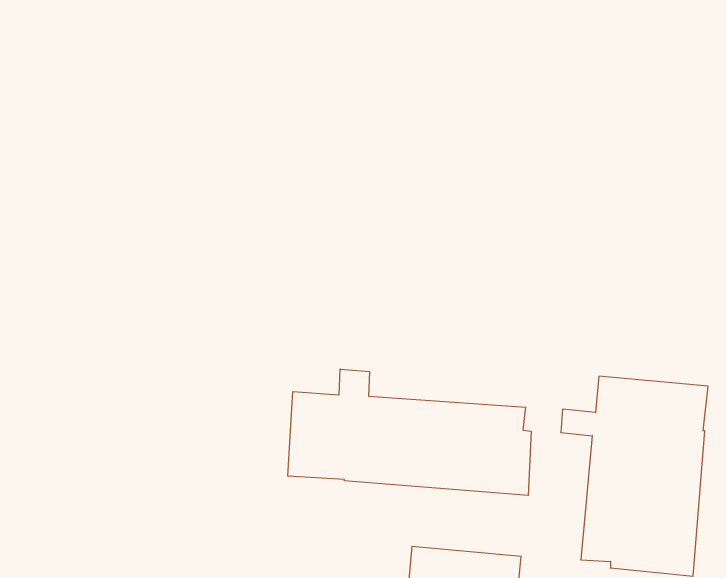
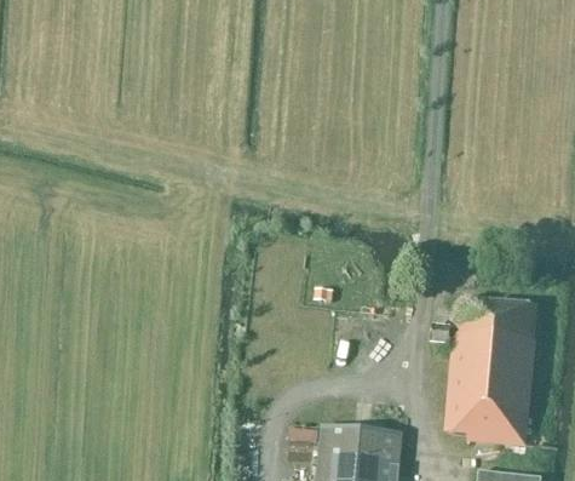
building: [288,369,531,495] -> none

